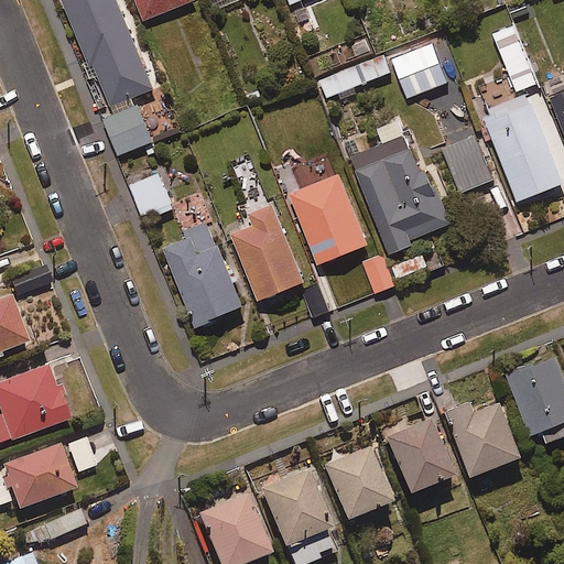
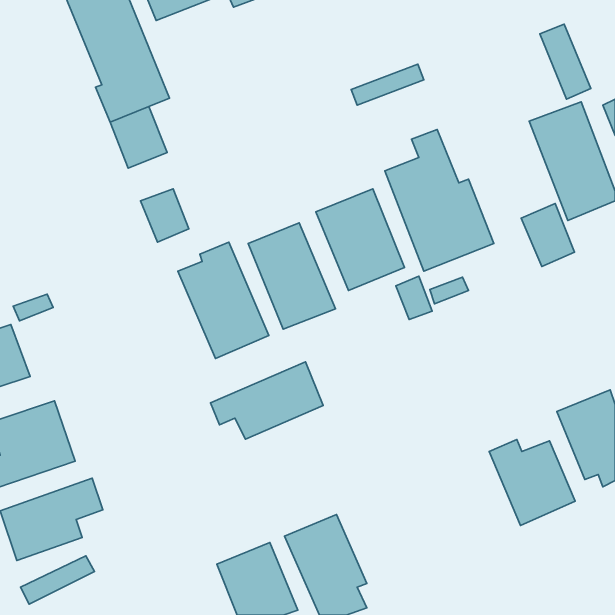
building: [391,42,447,96] -> none
building: [443,133,491,191] -> [521,204,574,267]
building: none -> [210,362,323,439]
building: [384,417,455,497] -> none
building: [322,444,392,522] -> none

